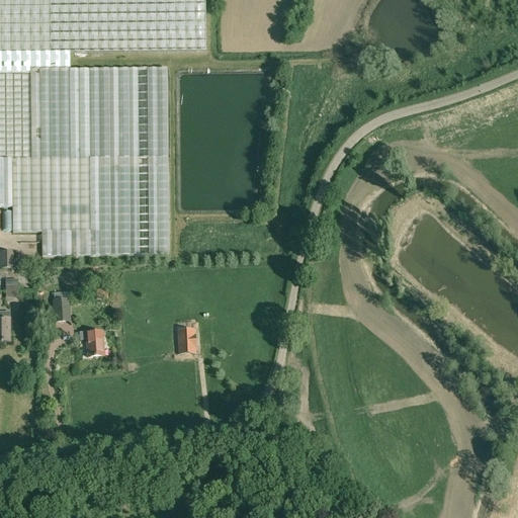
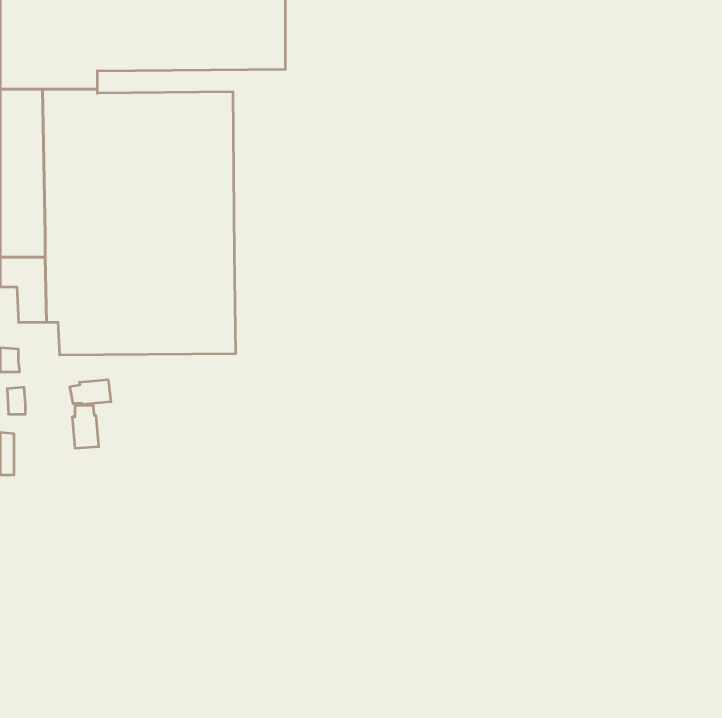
building: none -> [70,380,111,404]
building: [177,328,196,353] -> none
building: [80,330,104,356] -> none

